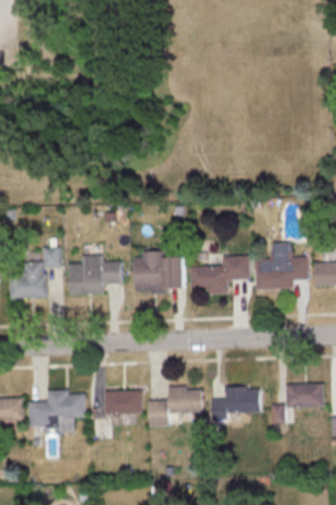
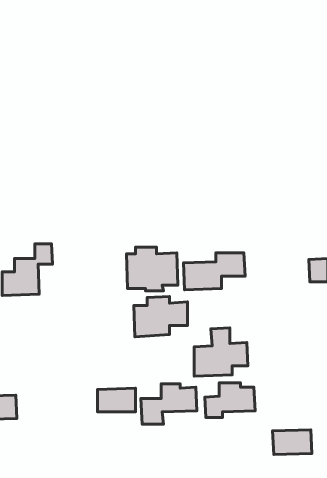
building: [255,241,308,289] -> [194,328,248,376]
building: [68,255,121,295] -> [134,296,188,337]
building: [285,383,324,408] -> [273,430,312,454]
building: [28,389,85,432] -> none

